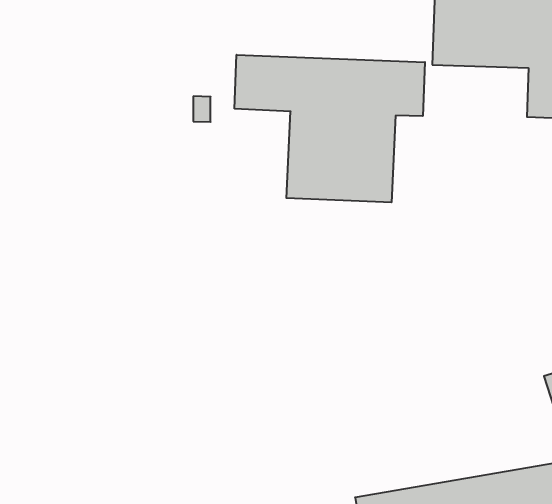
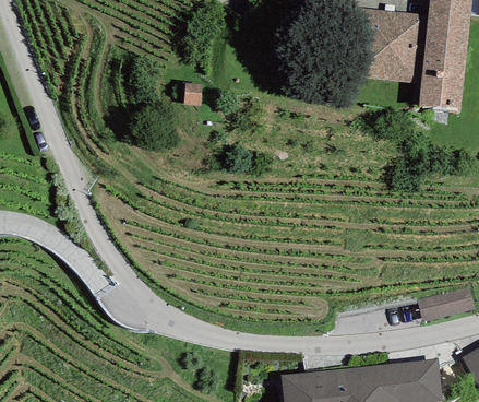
building: [235,55,425,202] -> none

